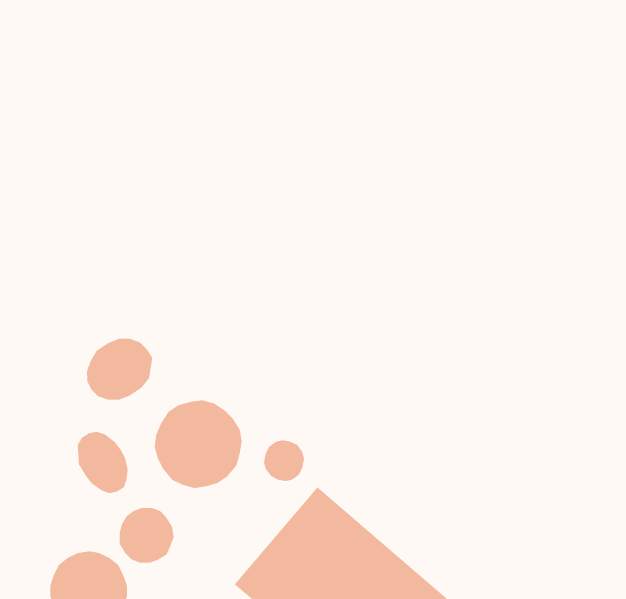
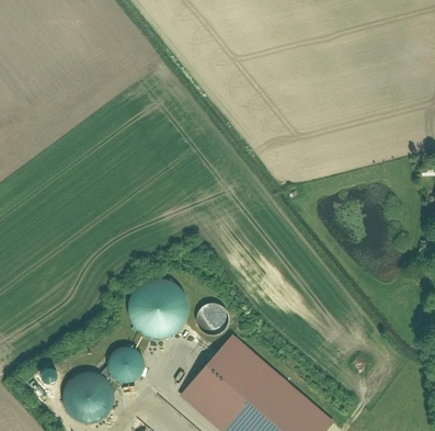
building: [87,338,153,401] -> none
building: [77,431,128,494] -> none

